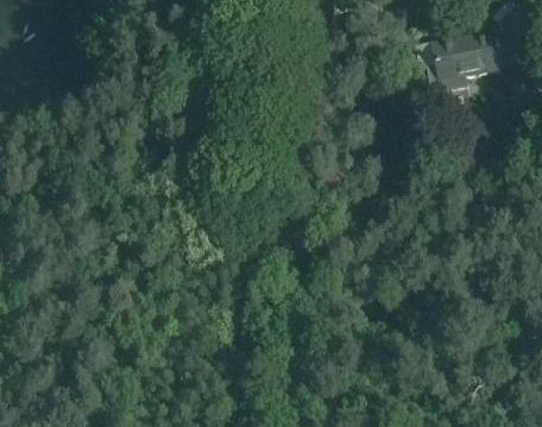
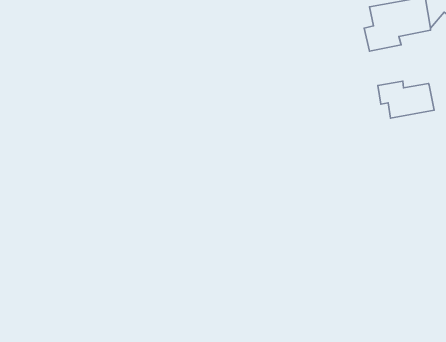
building: none -> [378,81,434,118]

